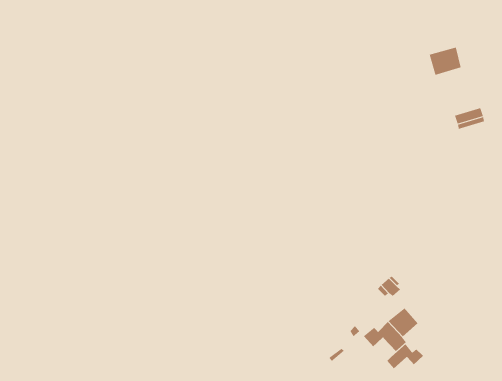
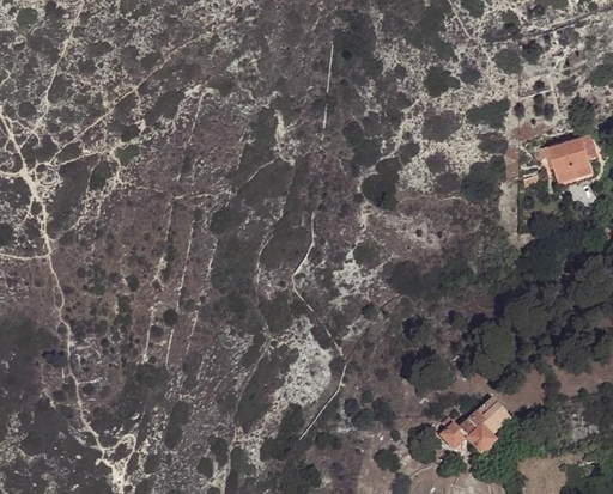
building: [429,47,462,75] -> [545,133,584,167]
building: [386,343,424,369] -> none

